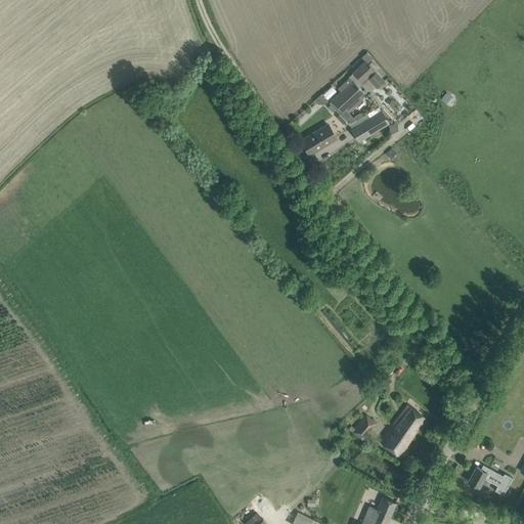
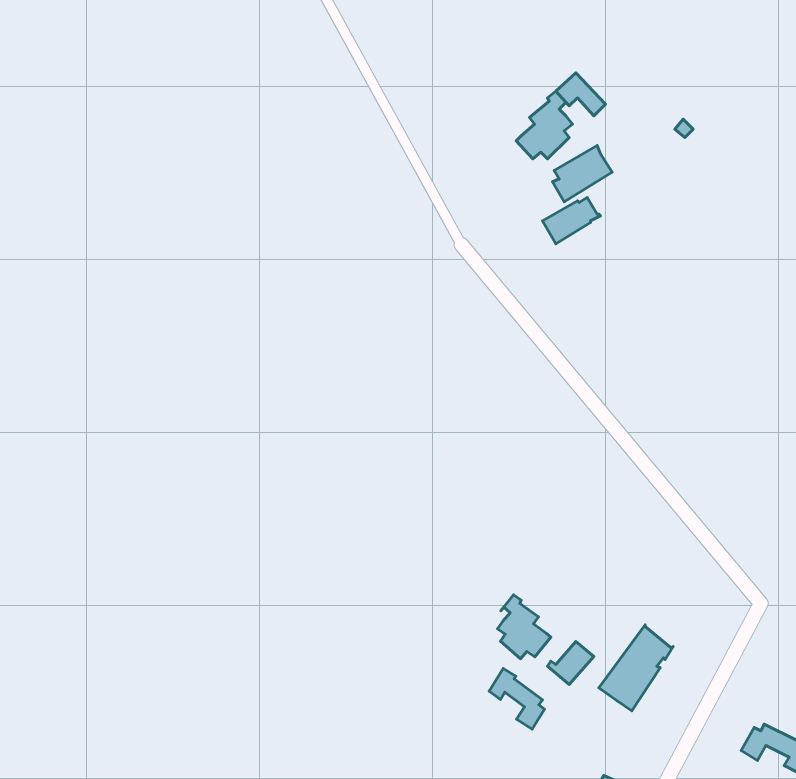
building: [301,127,337,156] -> [543,198,601,244]
building: none -> [497,595,551,659]
building: none -> [489,669,544,729]

